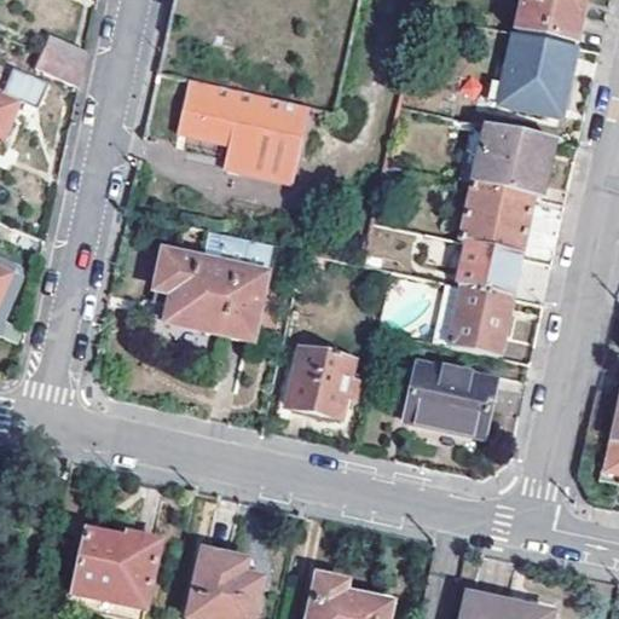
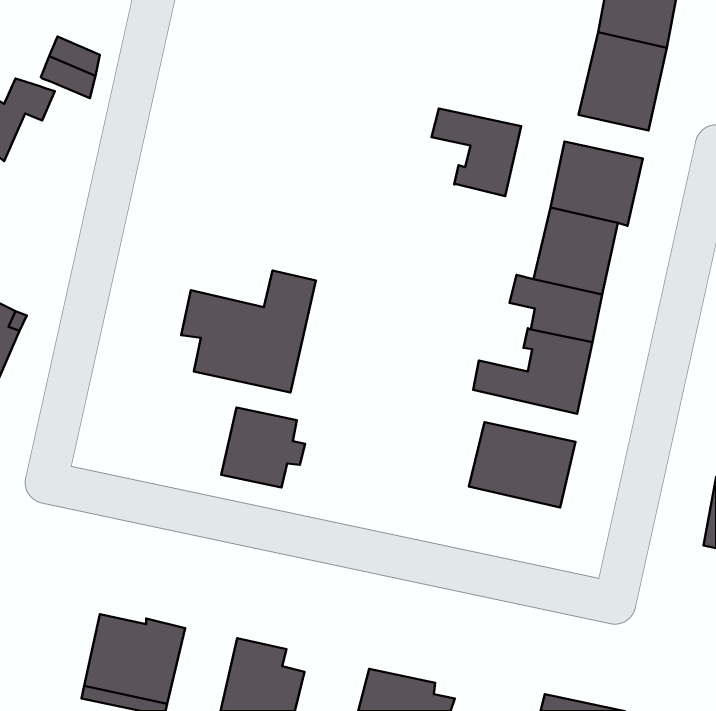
building: [175,79,310,185] -> none
building: none -> [432,108,521,196]
building: [287,343,359,412] -> [221,408,305,487]

